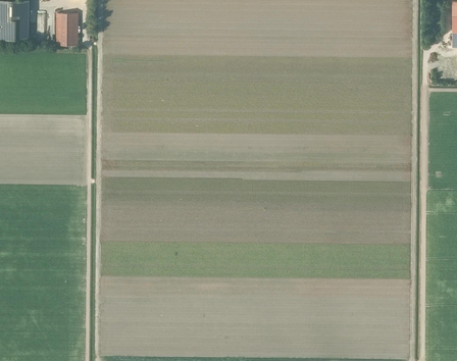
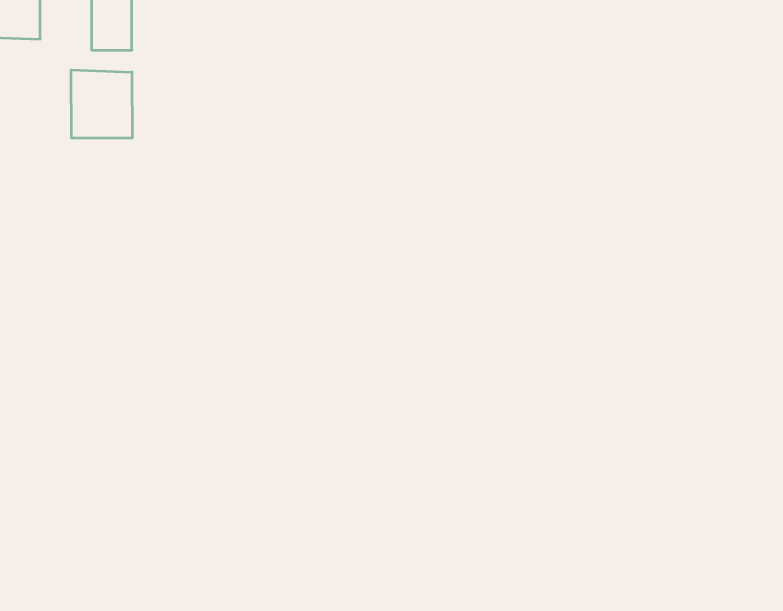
building: none -> [71,70,132,138]

